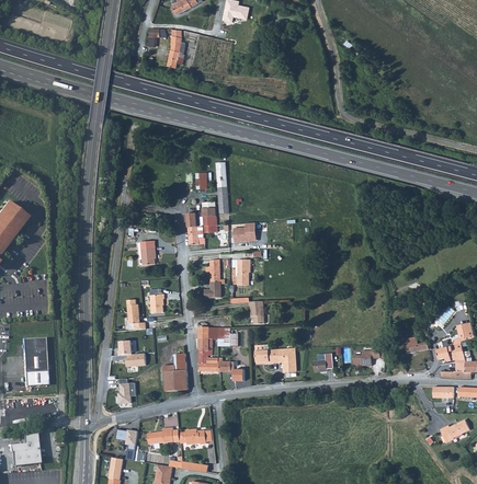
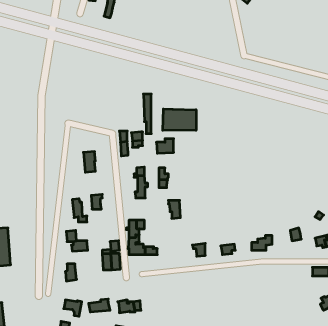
building: none -> [163,109,196,130]
building: [254,344,296,362] -> none

